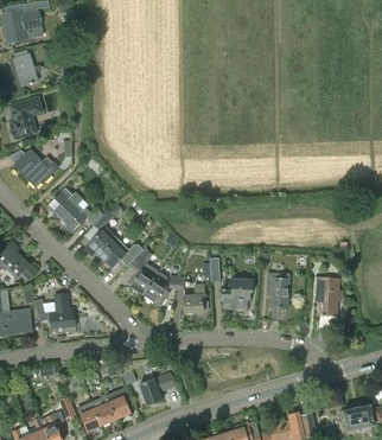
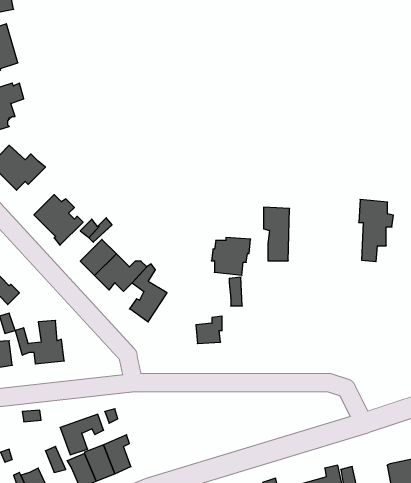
building: [142,270,168,305] -> none
building: [314,276,343,327] -> [359,199,393,262]
building: [267,278,288,321] -> [264,207,290,261]
building: [221,279,253,310] -> [211,238,251,275]
building: [139,372,174,406] -> [60,414,104,455]

